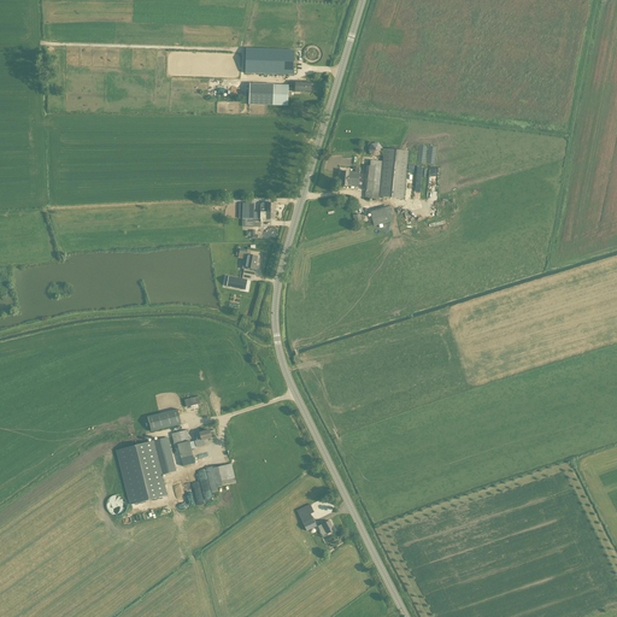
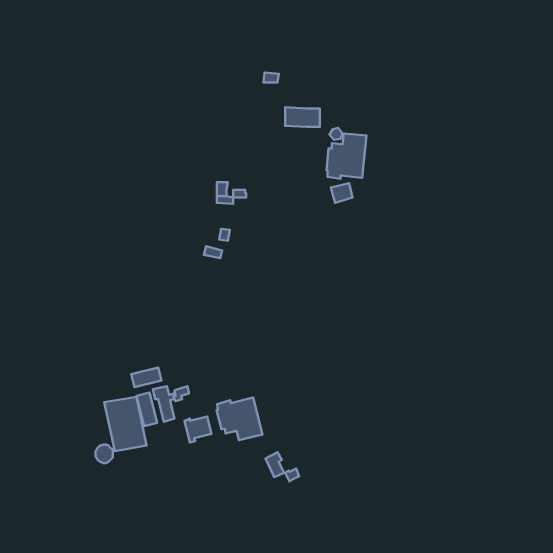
building: [243,47,293,74] -> none
building: [248,83,287,105] -> [285,107,320,127]
building: none -> [217,397,262,440]

